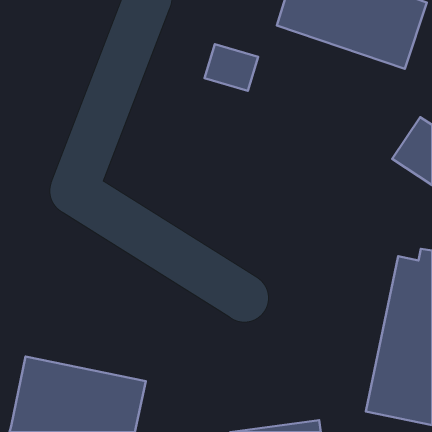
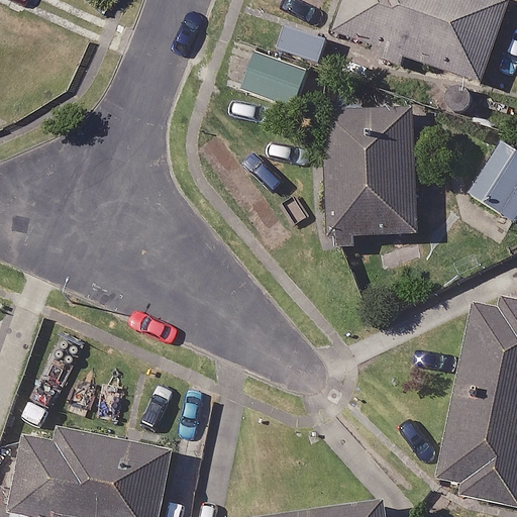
building: none -> [326,112,415,233]

